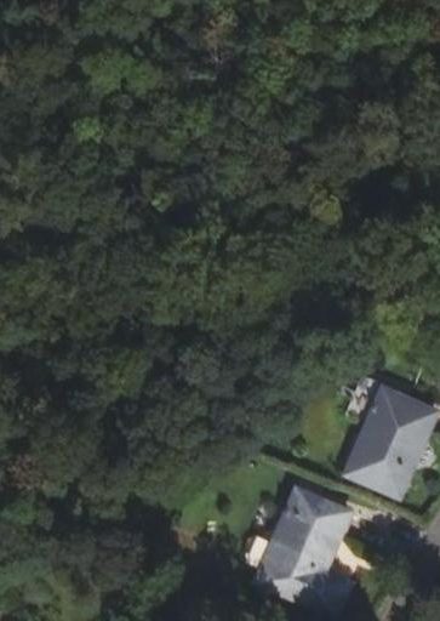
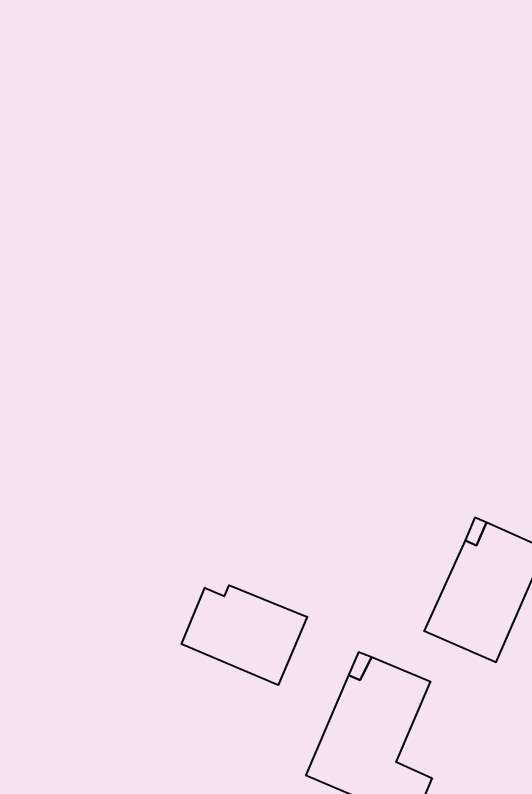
building: none -> [181,585,307,685]

